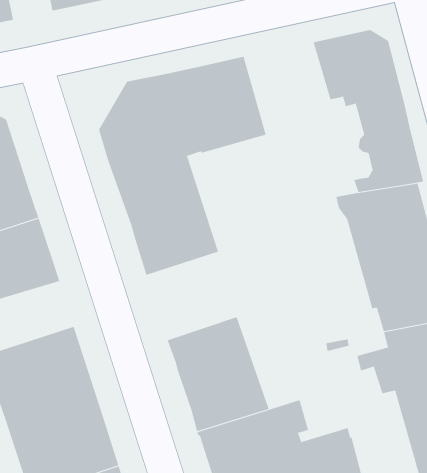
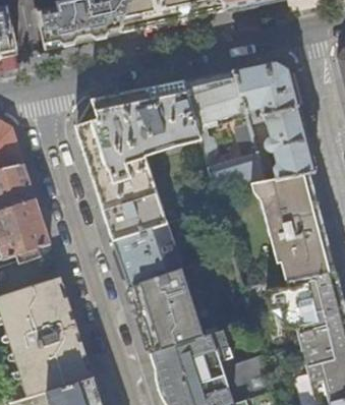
building: none -> [184,71,267,190]
building: none -> [113,223,180,287]

